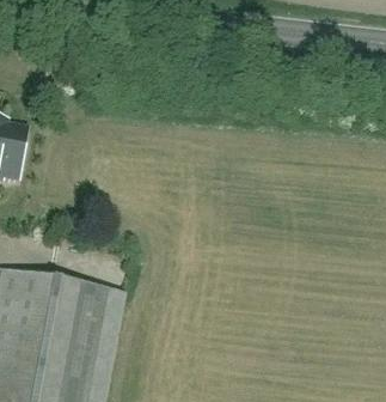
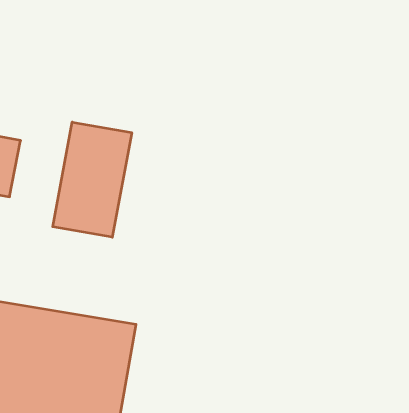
building: none -> [53,122,132,237]

